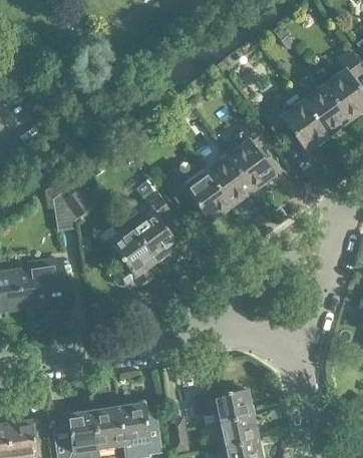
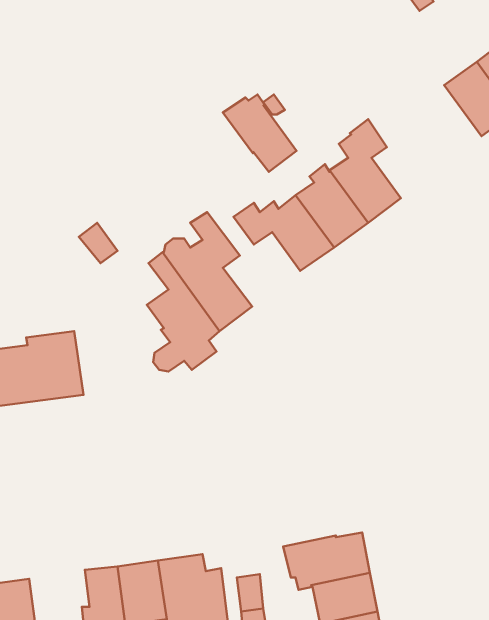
building: [262,100,326,149] -> none
building: none -> [223,94,297,172]
building: [54,193,79,228] -> none

